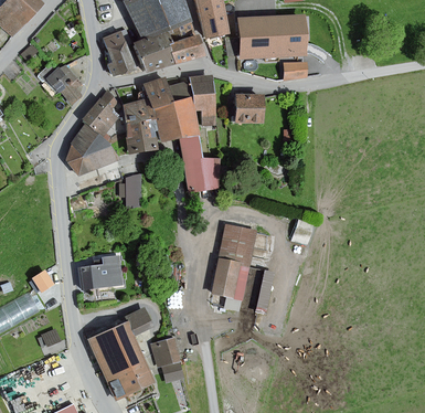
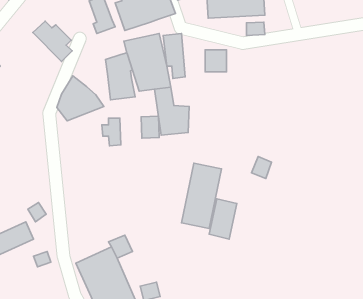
building: [81,92,120,137] -> none
building: none -> [141,116,159,138]
building: [79,257,123,289] -> none
building: [151,338,181,368] -> none

